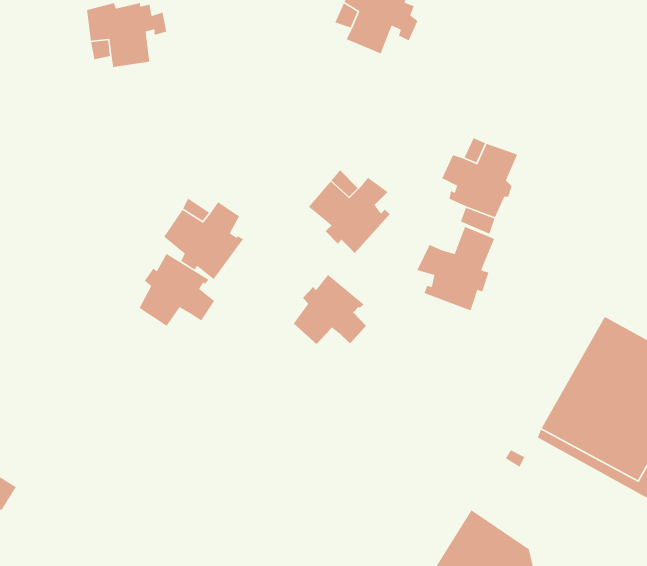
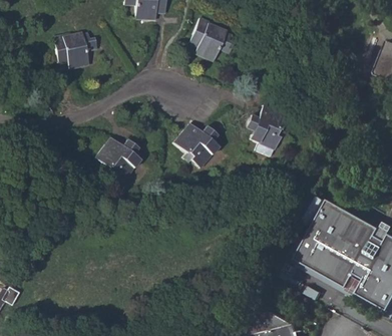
building: [416,226,495,311] -> none
building: [139,253,215,327] -> none
building: [293,274,367,345] -> none

